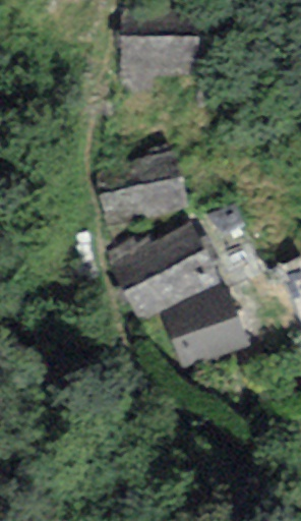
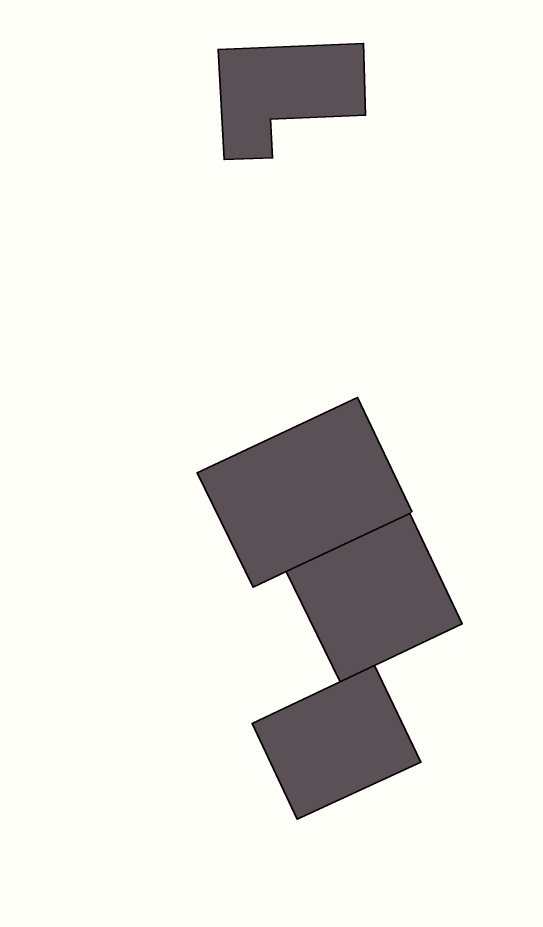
building: [96,149,186,224] -> none
building: none -> [252,666,421,819]

